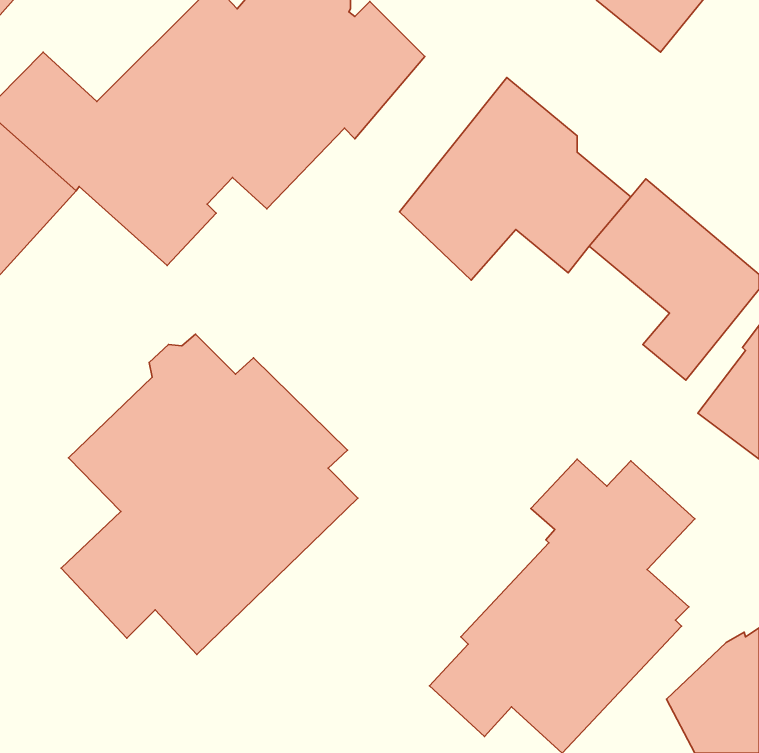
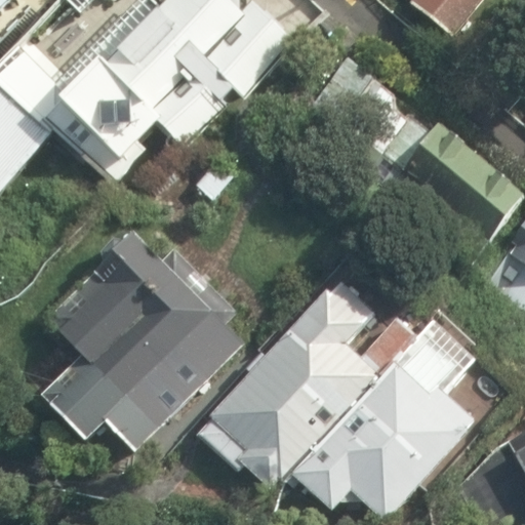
building: none -> [197,279,381,492]

